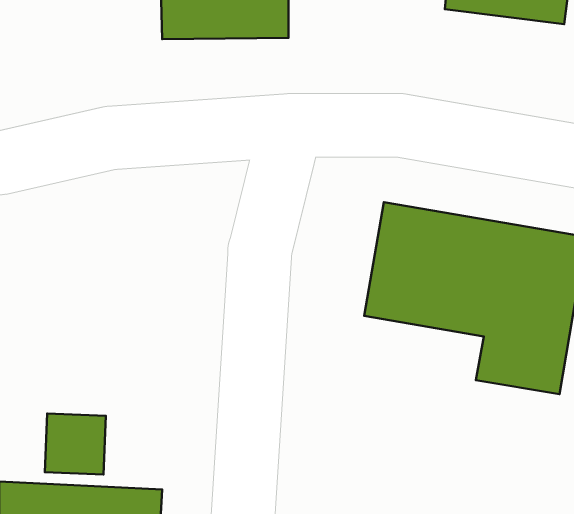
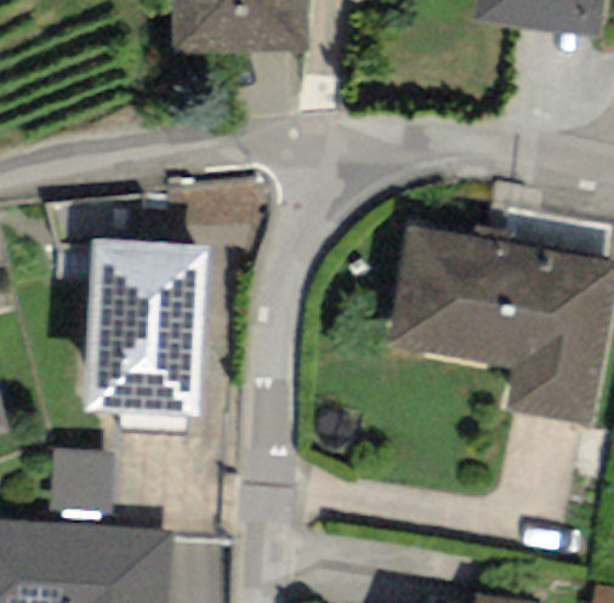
building: none -> [84,240,206,419]

